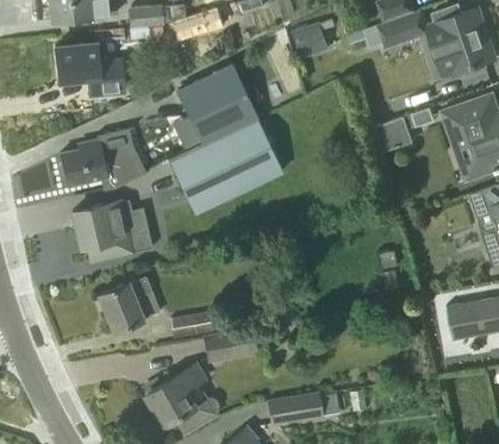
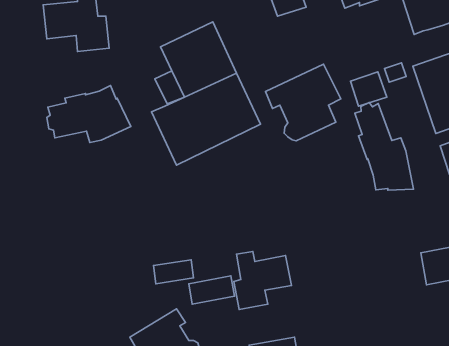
building: none -> [266,64,341,141]
building: none -> [355,103,413,190]
building: [71,200,151,262] -> none
building: [96,276,160,332] -> none
building: none -> [234,251,292,310]

